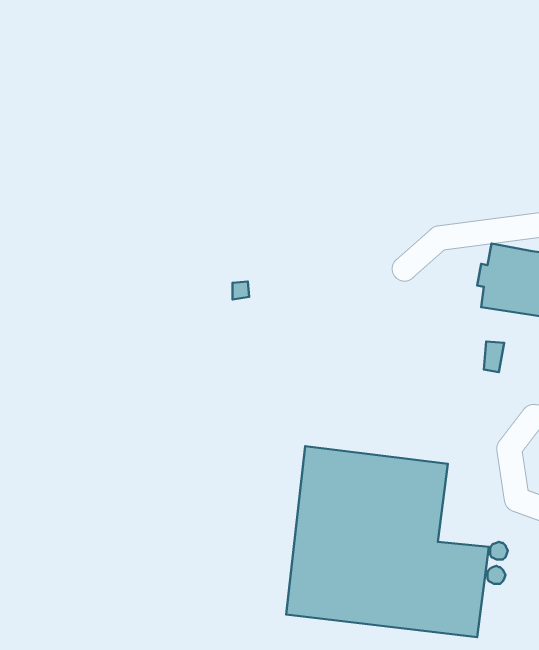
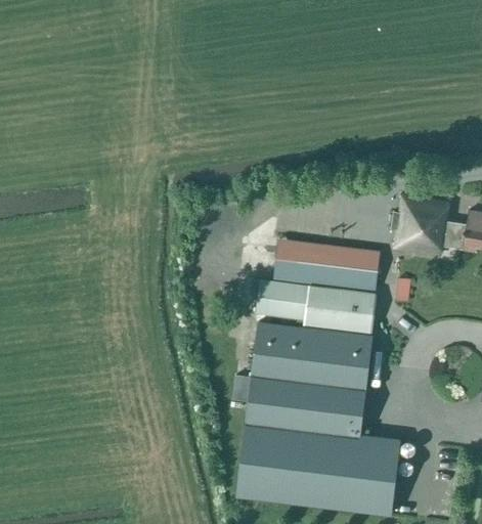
building: none -> [255,248,379,372]

